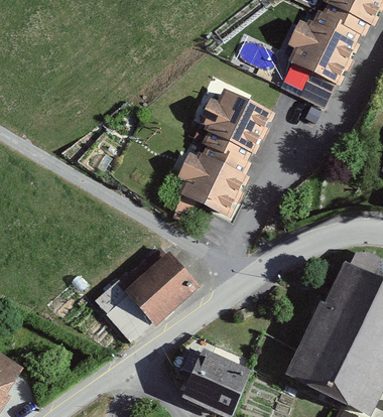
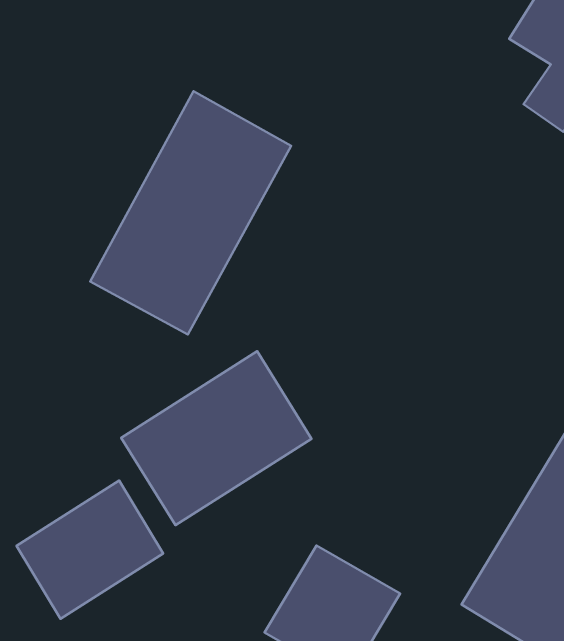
building: [172,86,276,220] -> [90,91,291,334]
building: none -> [17,481,163,619]

